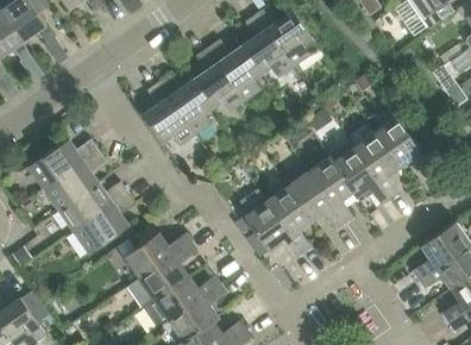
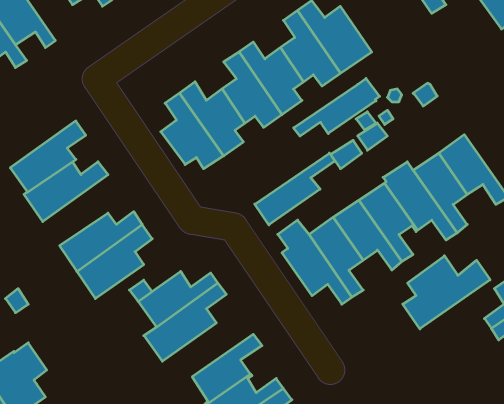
building: none -> [294,78,380,136]
building: none -> [255,153,335,225]
building: [44,150,107,209] -> [10,121,86,192]
building: none -> [403,256,490,329]
building: [144,274,220,326] -> none

